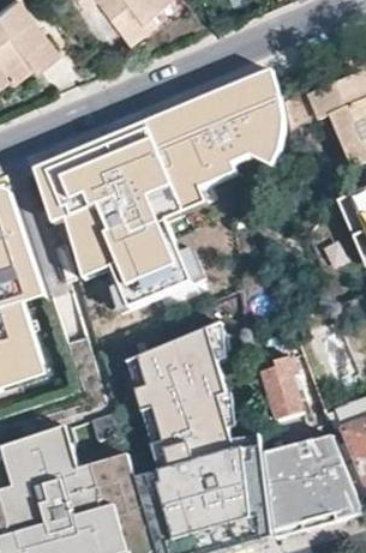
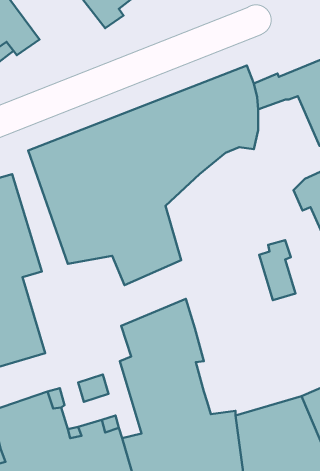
building: [259,350,298,414] -> [259,240,295,300]

